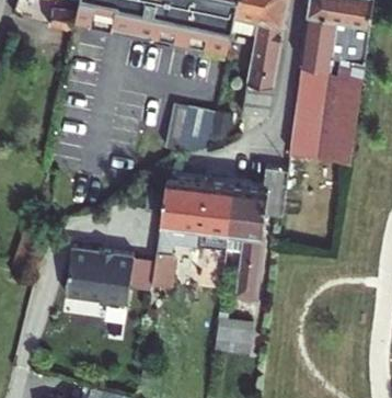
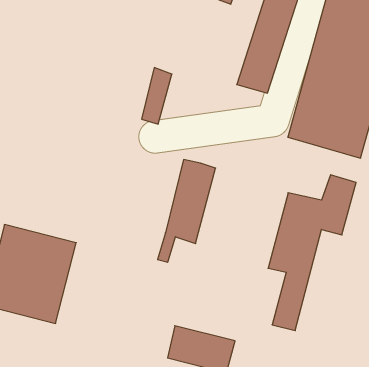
building: [183,113,216,156] -> none
building: [228,166,290,298] -> [268,175,356,331]
building: [155,178,208,286] -> none

